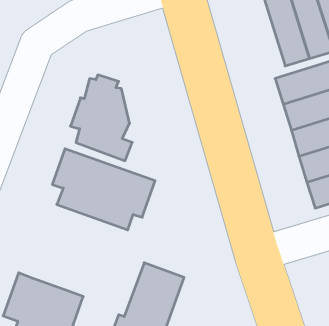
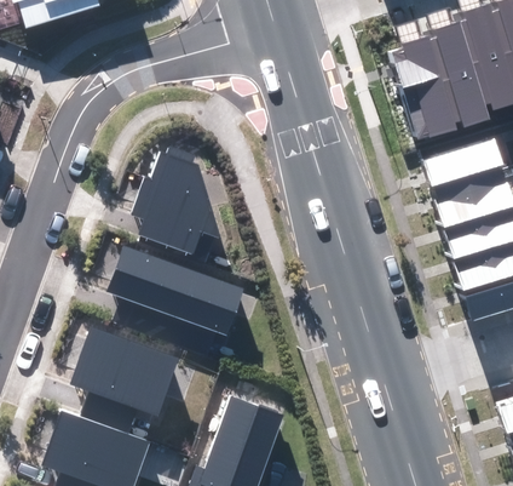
building: none -> [70,327,179,435]

